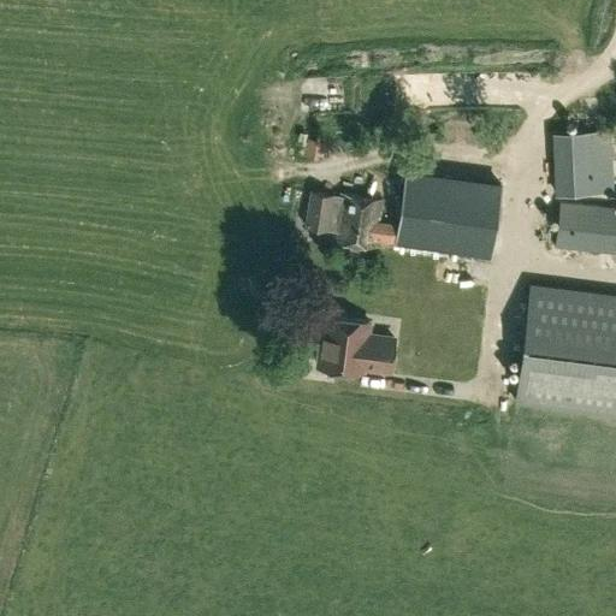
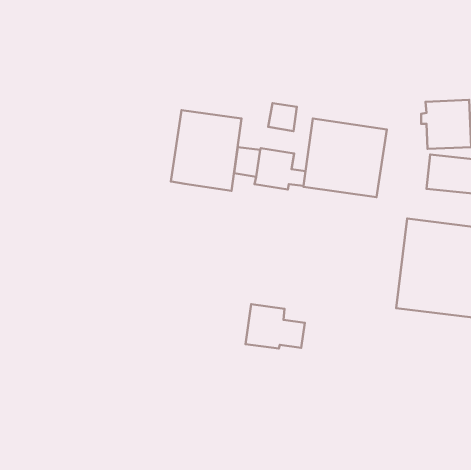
building: none -> [268,103,297,131]
building: none -> [171,110,242,191]
building: [320,318,397,375] -> [246,304,305,349]

